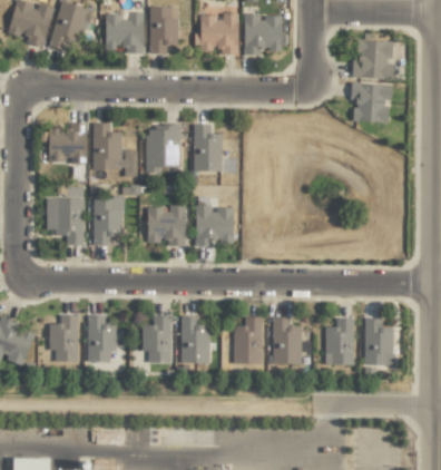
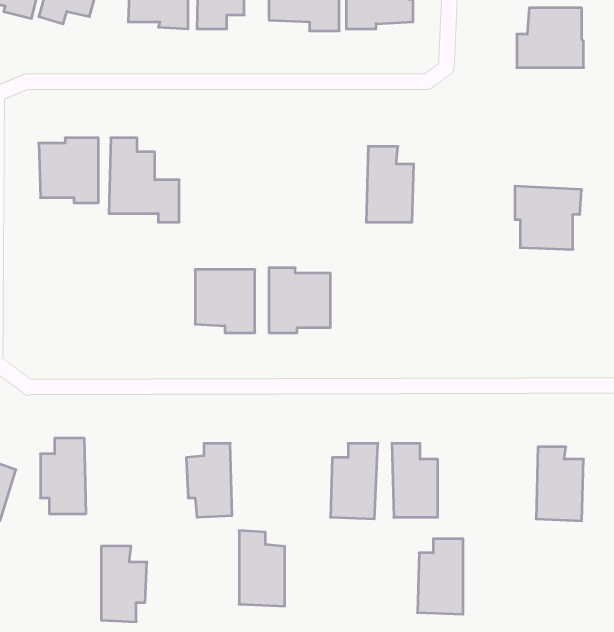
building: [350,84,392,124] -> [515,186,582,249]
building: [146,124,180,174] -> none
building: [192,124,222,172] -> [366,146,414,222]
building: [46,198,84,246] -> none
building: [92,198,122,246] -> none
building: [87,315,116,363] -> [101,546,147,622]
building: [180,316,209,364] -> [239,531,285,606]
building: [324,319,353,366] -> [417,539,463,614]

